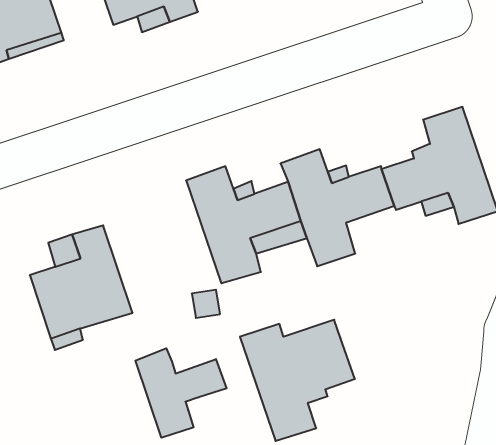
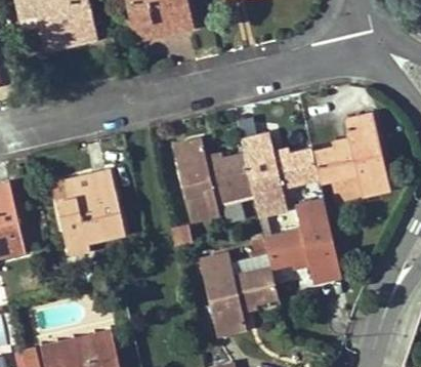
building: none -> [263,201,341,281]
building: [135,348,227,438] -> none

